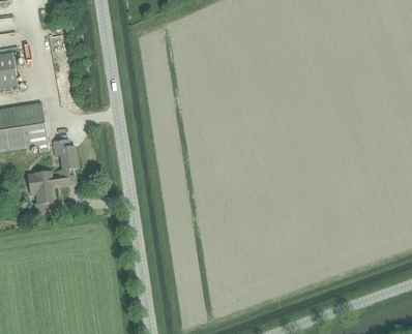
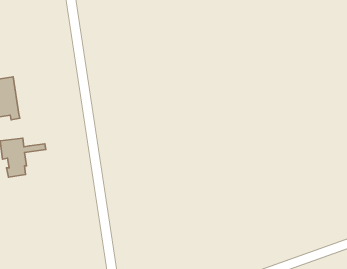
building: [52,138,78,178] -> none

